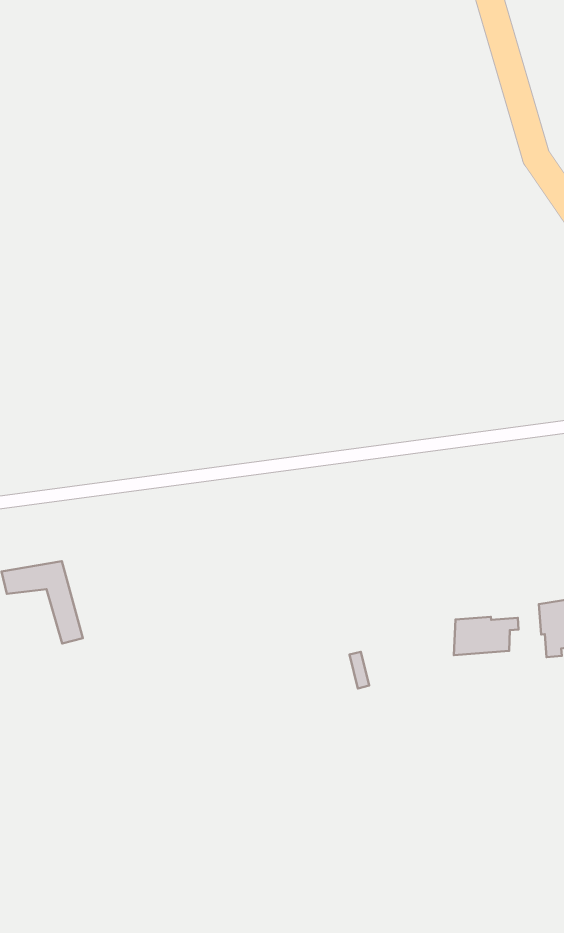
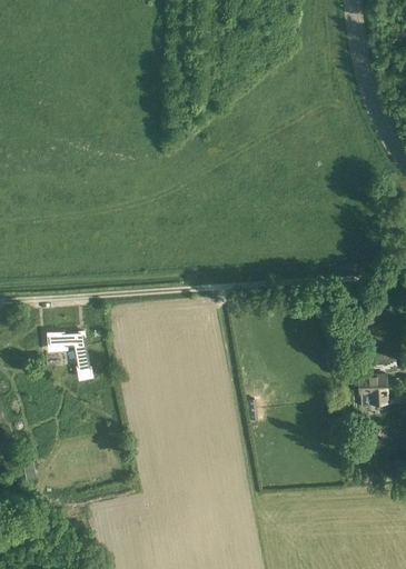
building: [454,617,519,655] -> none

